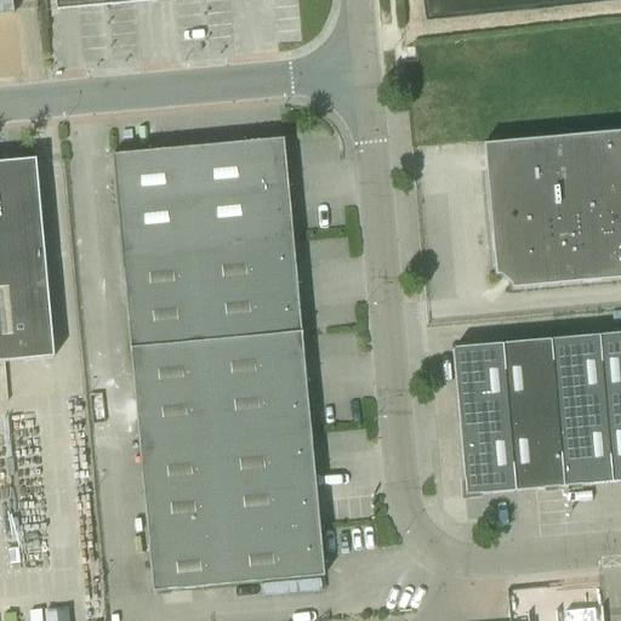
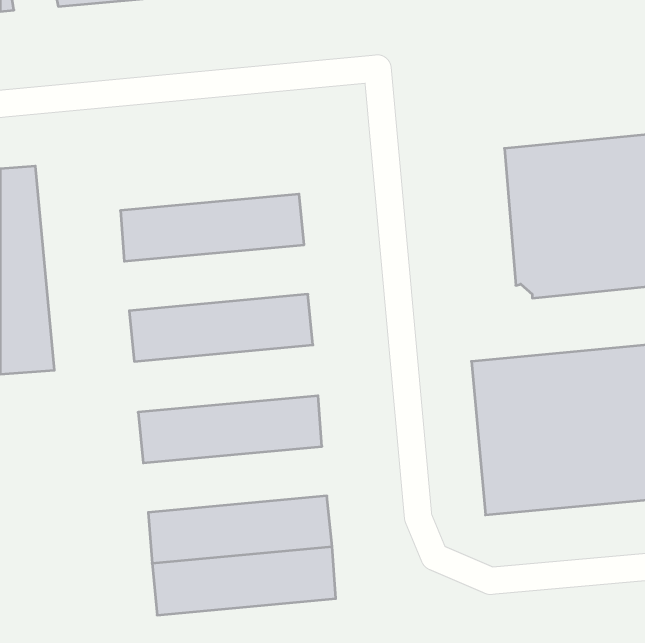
building: [113,136,289,201] -> none
building: [121,234,297,297] -> none
building: [131,330,307,394] -> none
building: [139,427,315,490] -> none

